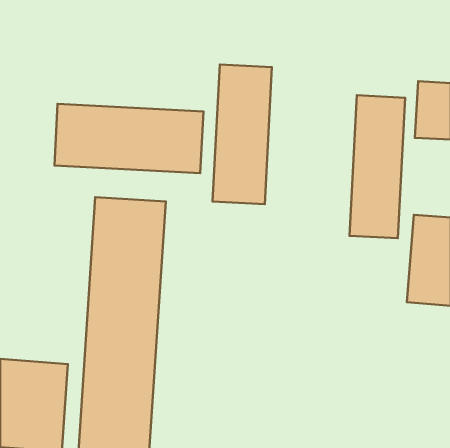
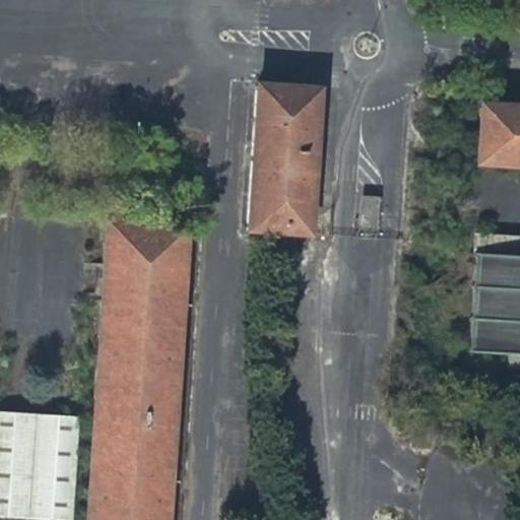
building: [350,95,405,238] -> none
building: [54,104,203,173] -> none

